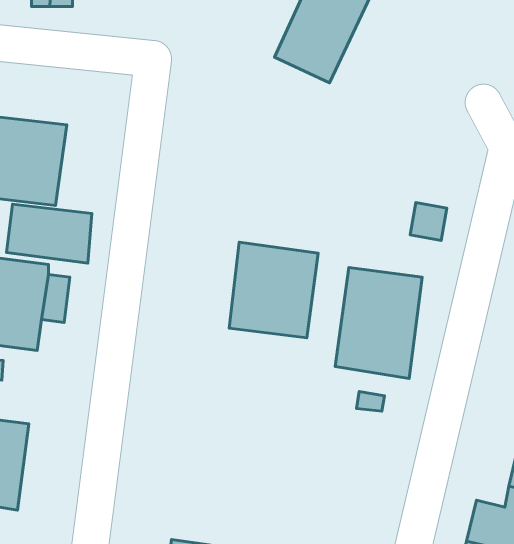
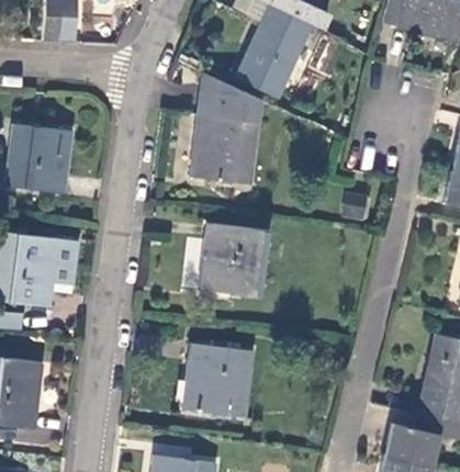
building: none -> [189,70,261,182]
building: [6,204,92,263] -> none
building: [335,267,422,378] -> none
building: none -> [181,342,254,417]

